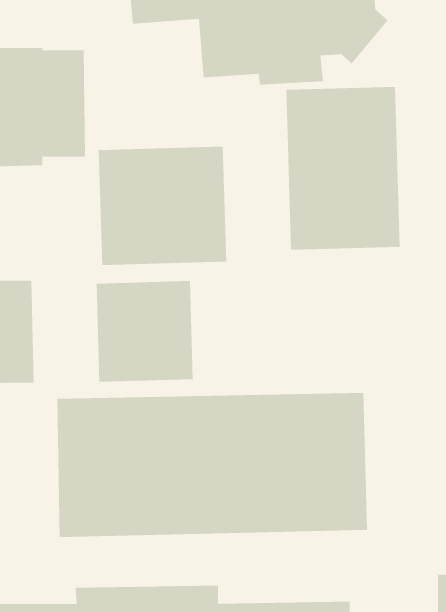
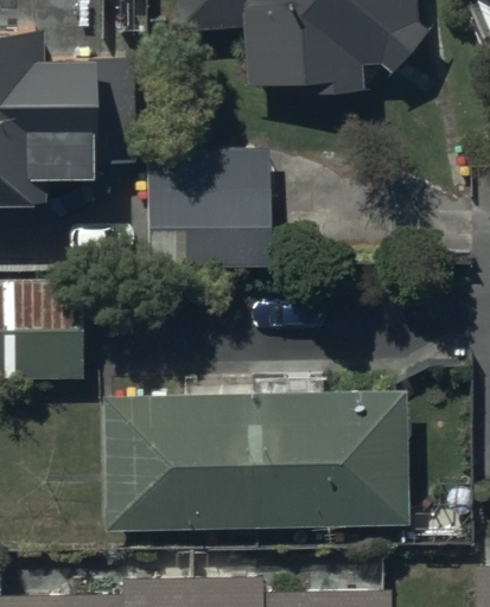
building: [286,86,400,250] -> none
building: [96,280,193,383] -> none

